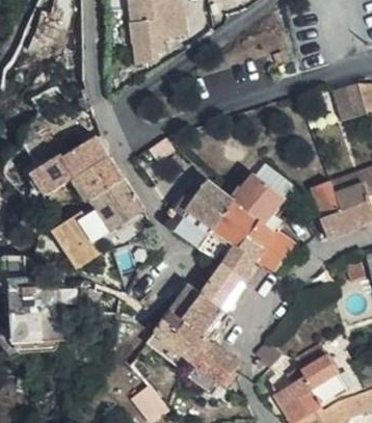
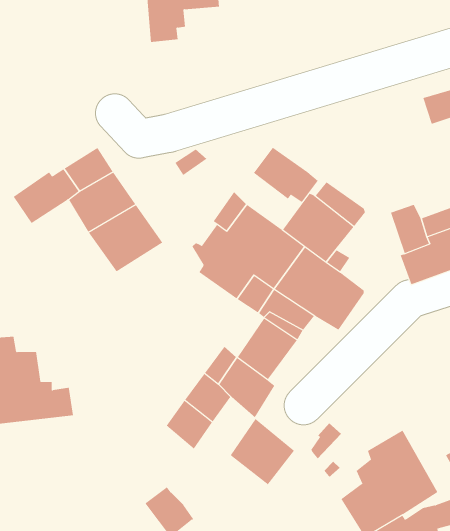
building: none -> [253,147,318,203]
building: [51,201,109,267] -> none
building: [166,321,211,374] -> none

